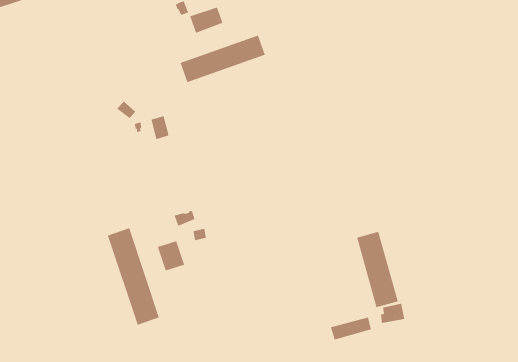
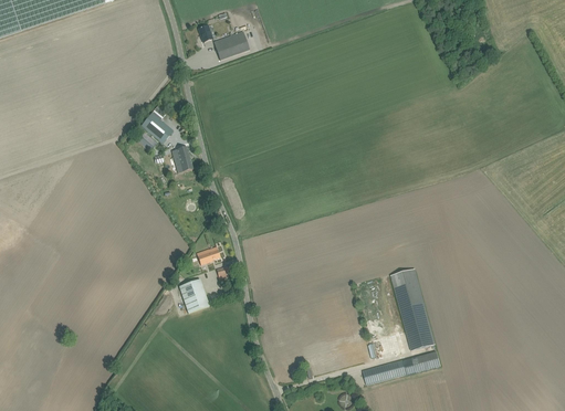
building: [179,35,266,83] -> none
building: none -> [140,113,171,143]
building: [107,227,160,326] -> none

